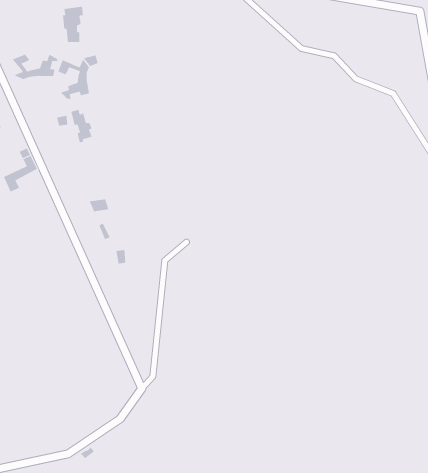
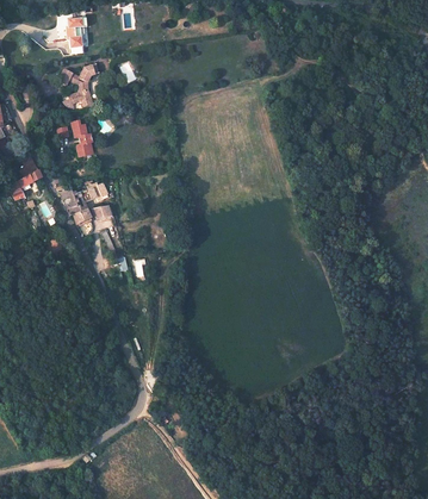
building: [12,54,60,80] -> none
building: none -> [57,183,106,224]

